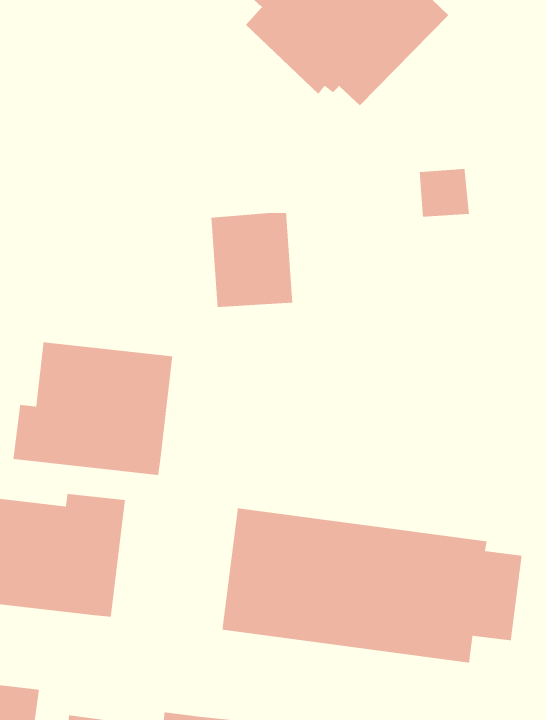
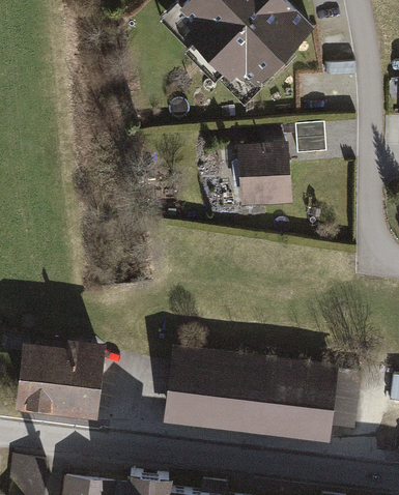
building: [210,212,293,308] -> [237,143,291,205]
building: [13,341,173,476] -> none

